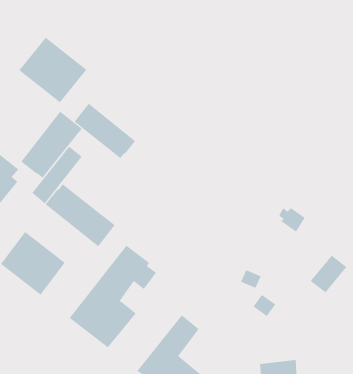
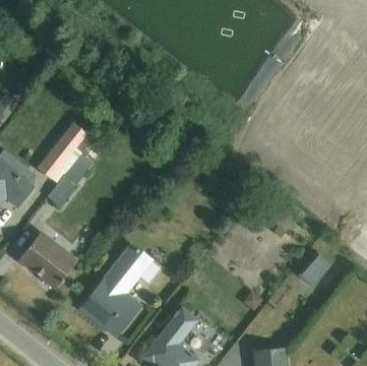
building: [18,37,87,103] -> none
building: [74,103,136,159] -> none
building: [45,183,116,247] -> none

